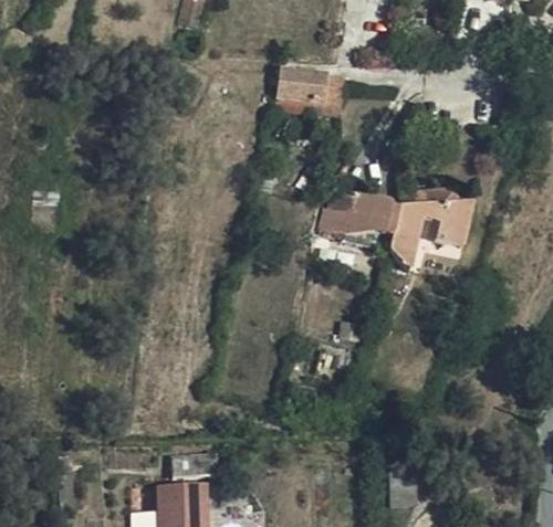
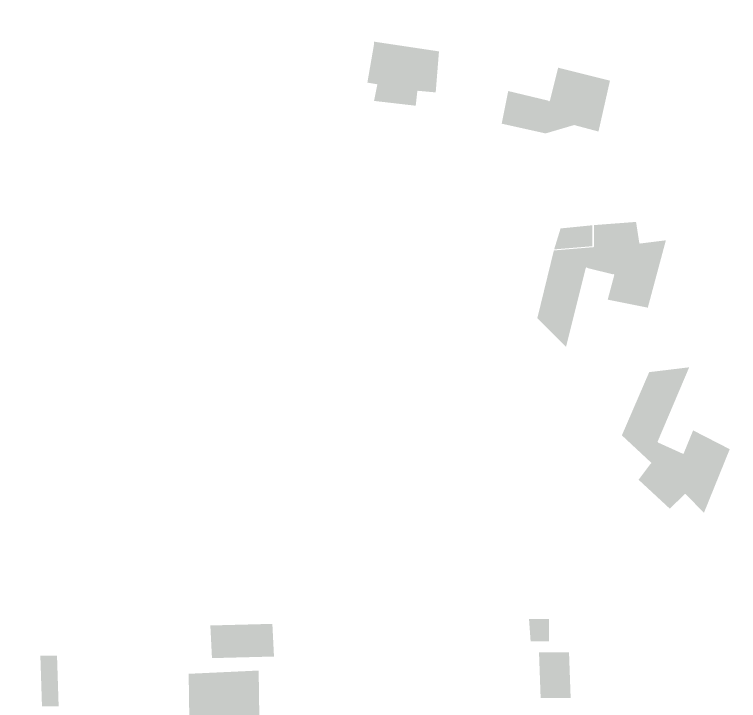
building: [322,191,395,235] -> [501,67,611,134]
building: none -> [621,367,730,514]

